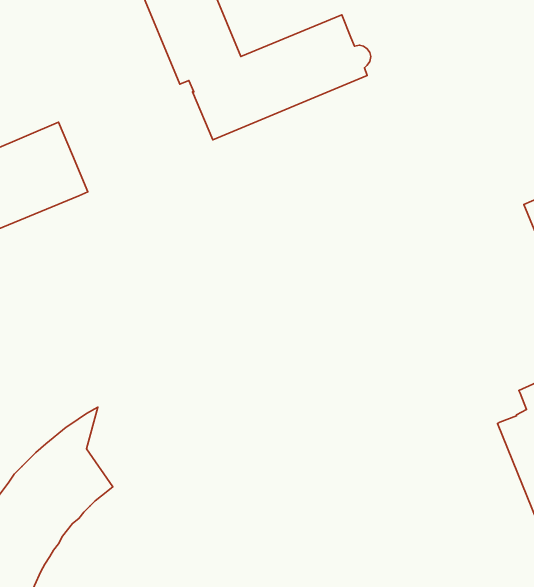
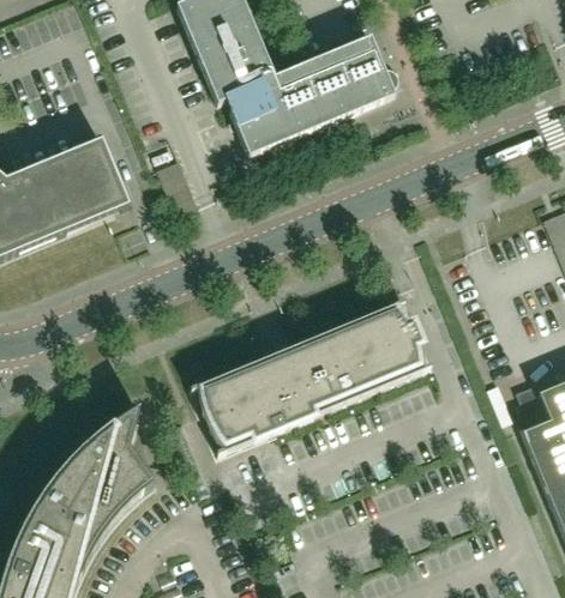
building: none -> [191,297,432,452]

